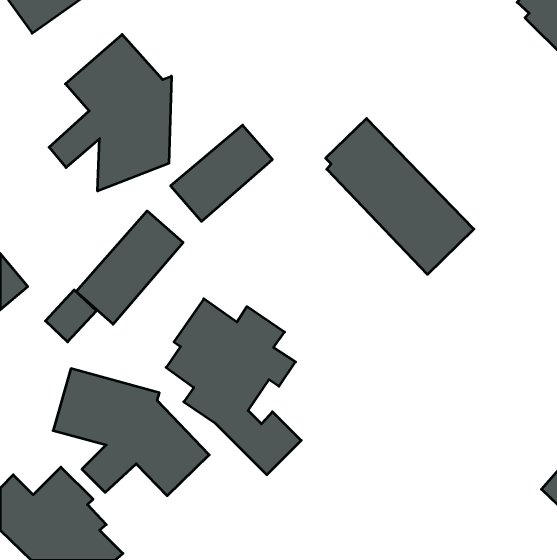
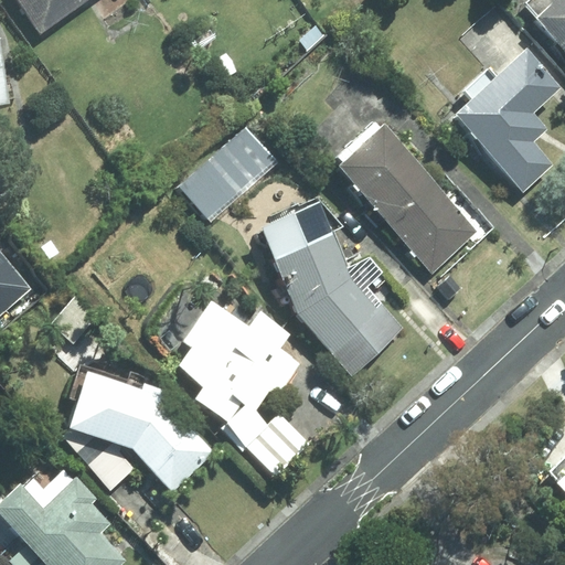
building: [49,34,171,191] -> none
building: none -> [451,49,557,192]
building: none -> [255,201,406,376]
building: [76,211,183,324] -> none

